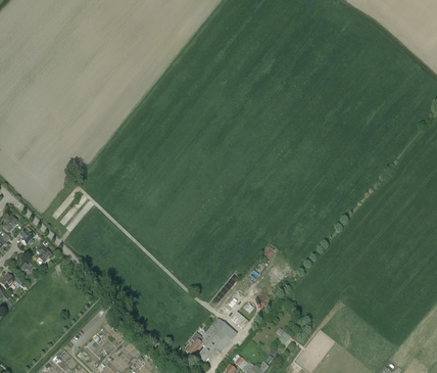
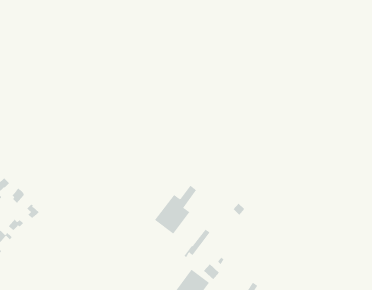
building: none -> [154,185,197,234]

